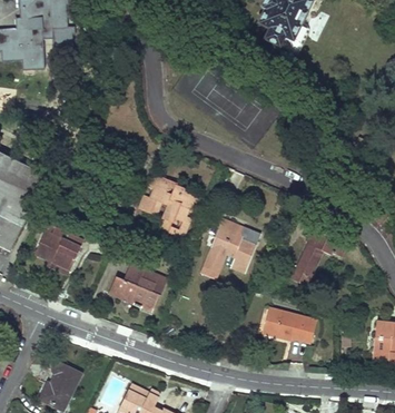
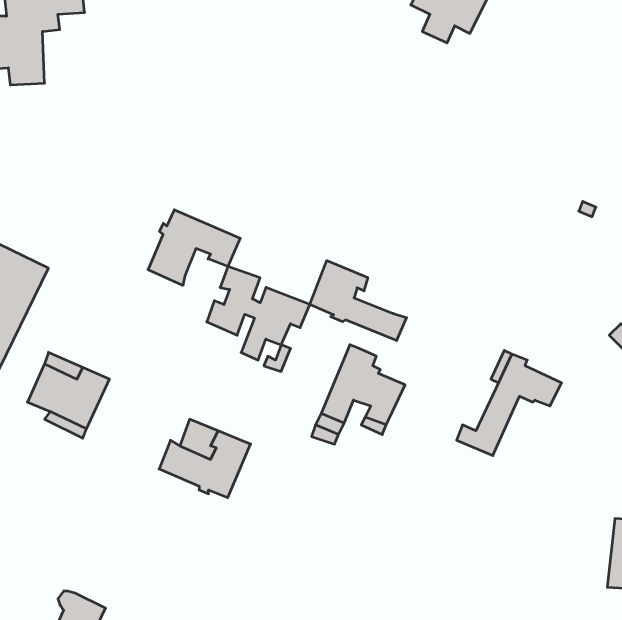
building: none -> [148,210,240,285]
building: none -> [310,261,407,341]
building: [265,308,315,343] -> none

